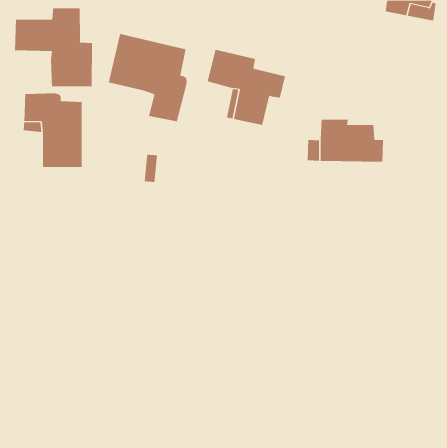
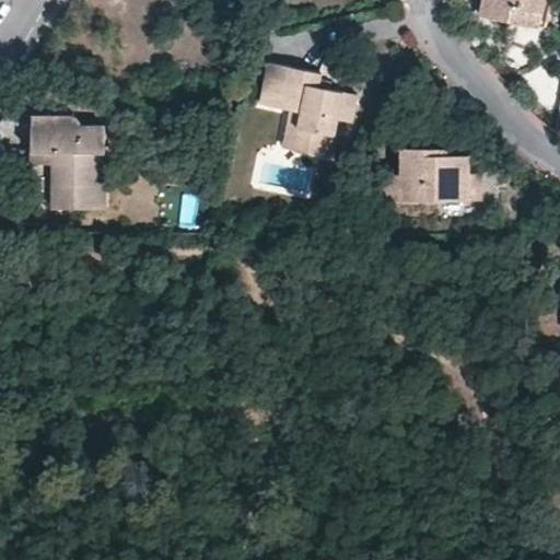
building: [14,8,92,87] -> none
building: [108,33,187,122] -> none

